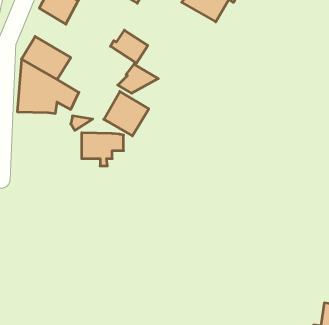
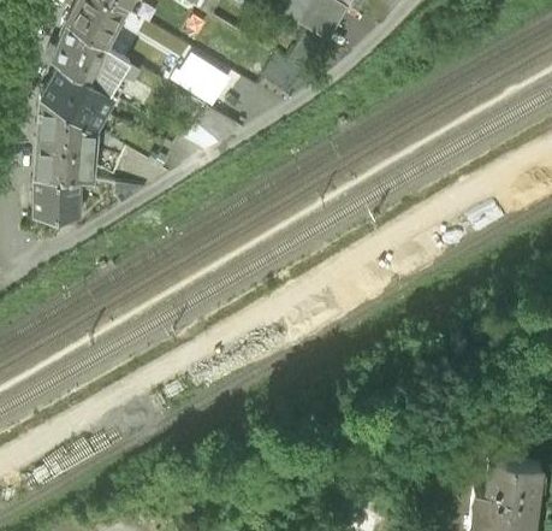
building: none -> [48,18,131,94]
building: [104,91,149,136] -> none
building: [82,133,124,166] -> [35,172,97,222]

